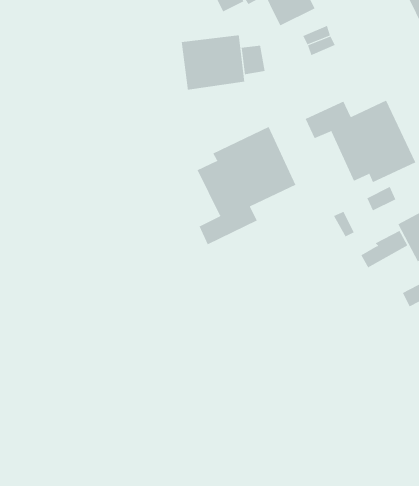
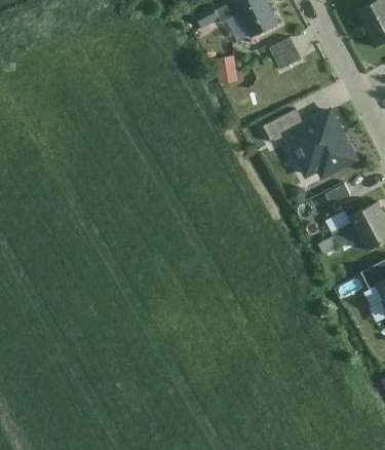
building: [181,35,245,90] -> none
building: [197,126,296,245] -> none

